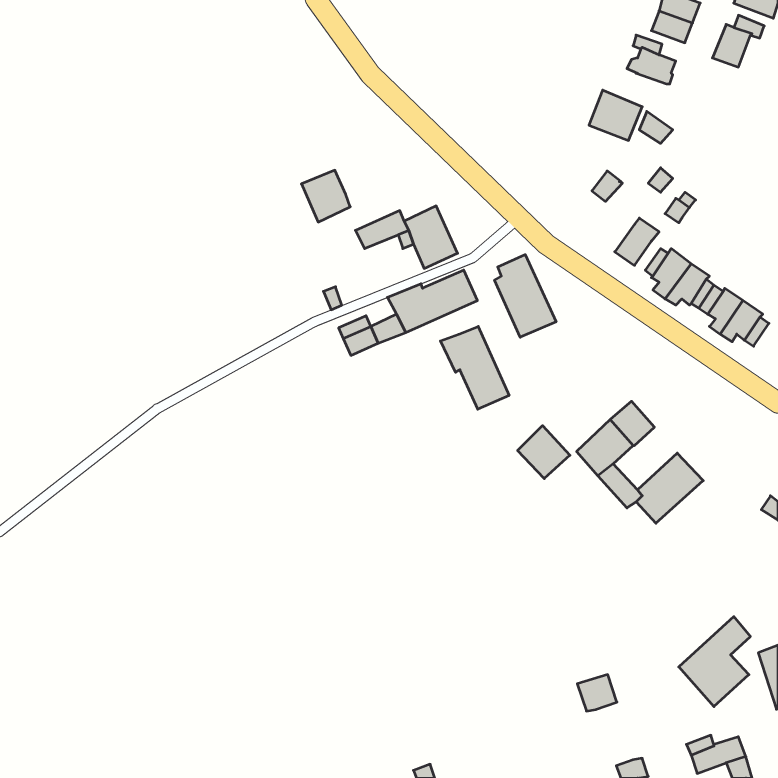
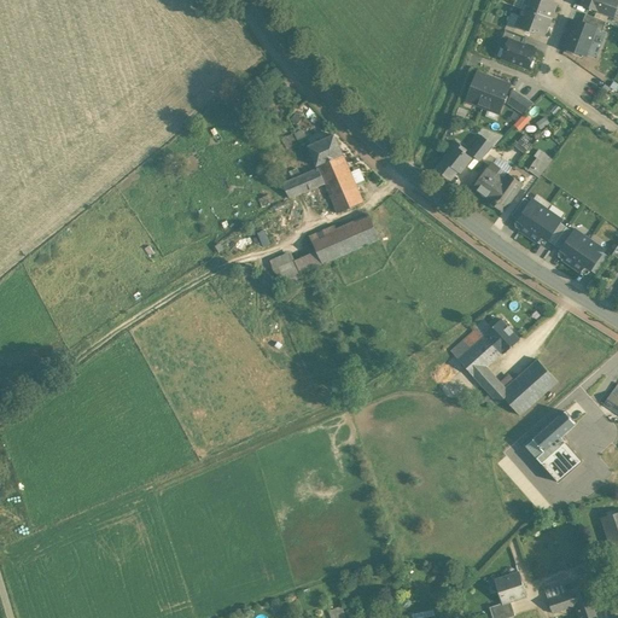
building: [301,170,350,222] -> [307,134,345,175]
building: none -> [436,140,470,177]
building: none -> [471,161,502,199]
building: [495,255,556,337] -> none
building: [440,326,509,409] -> none
building: [518,426,570,479] -> none
building: [679,617,750,707] -> [527,403,584,474]
building: [577,675,617,711] -> [494,572,525,601]

